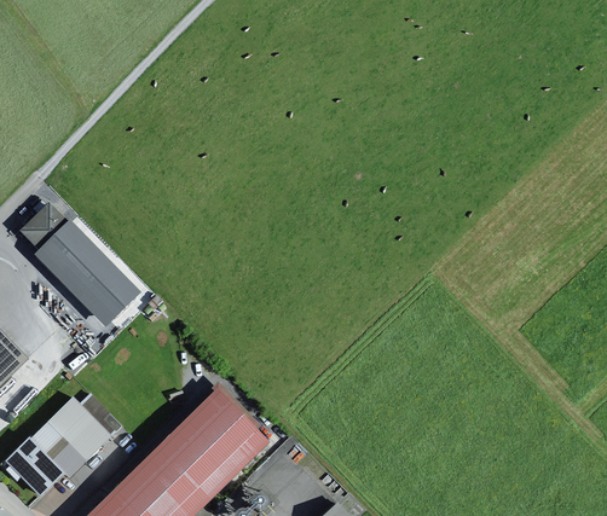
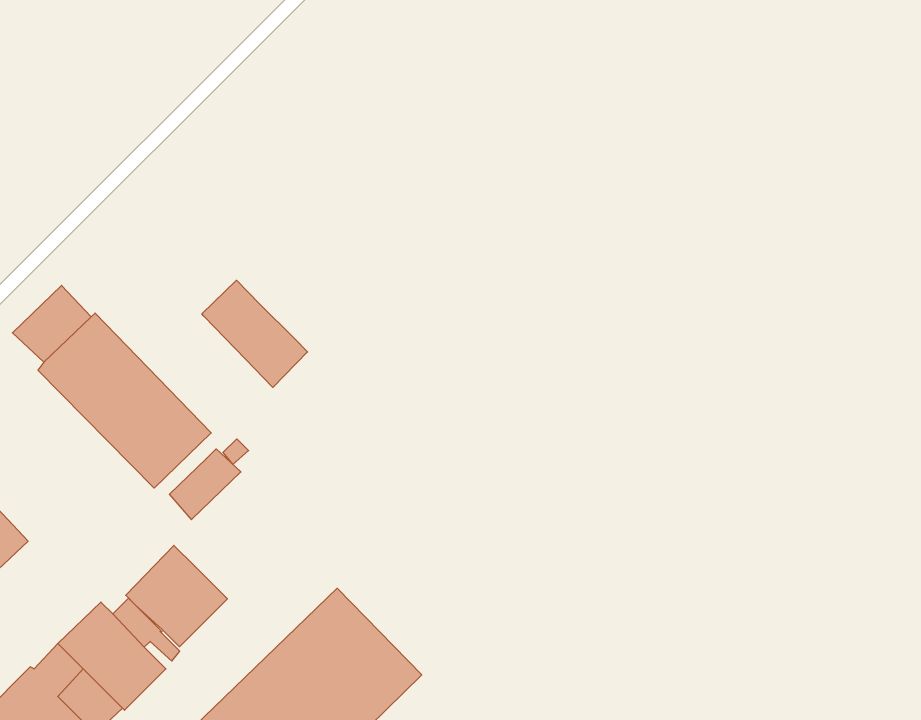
building: none -> [202,280,308,387]
building: none -> [169,449,241,520]
building: none -> [126,545,227,647]

